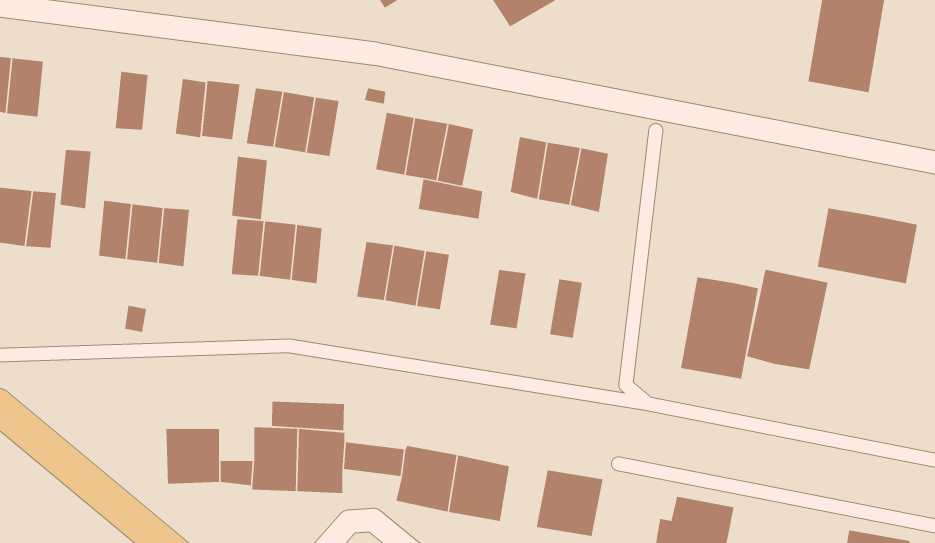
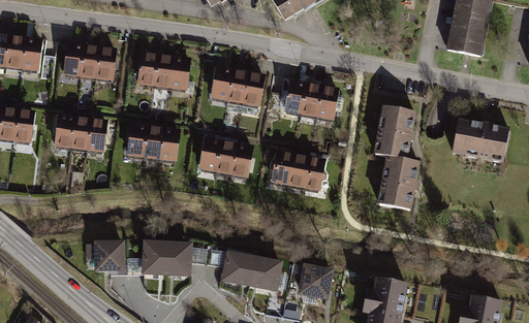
building: [201,80,240,140] -> [81,44,102,77]
building: [60,149,91,209] -> [23,37,40,70]
building: [231,156,268,220] -> none
building: [418,179,483,220] -> none
building: [746,269,828,370] -> [371,103,416,159]
building: none -> [287,154,310,188]
building: [271,401,345,431] -> none

